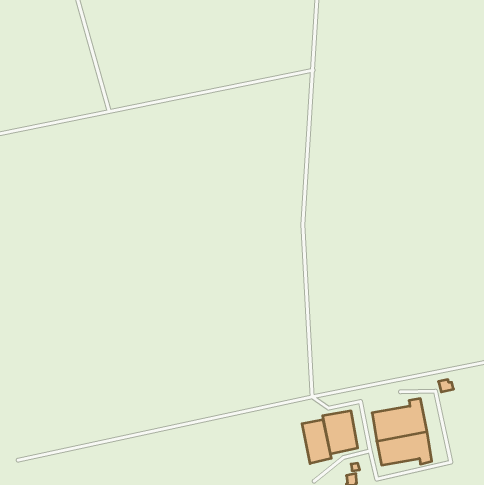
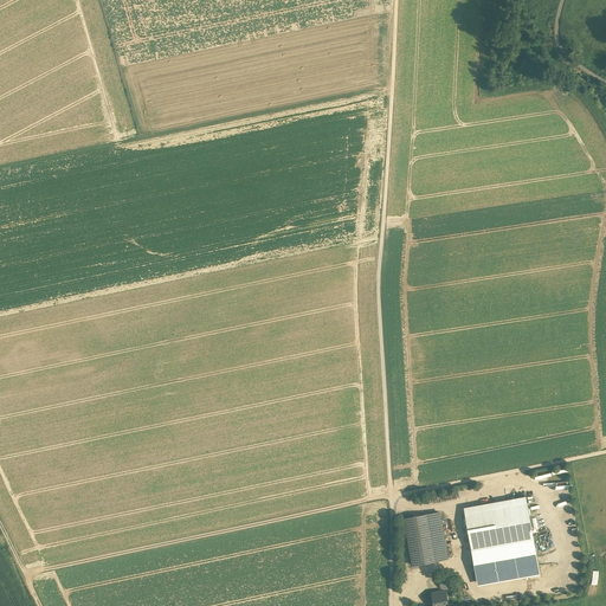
building: [302,420,331,464] -> none

